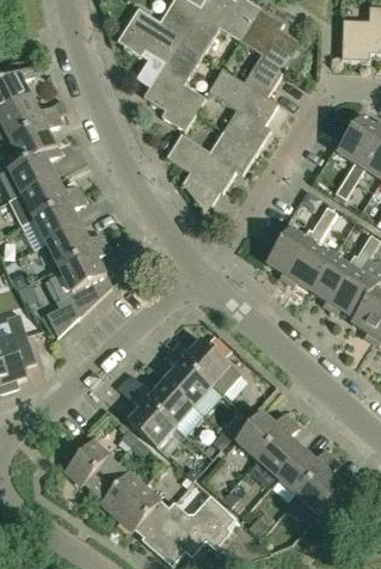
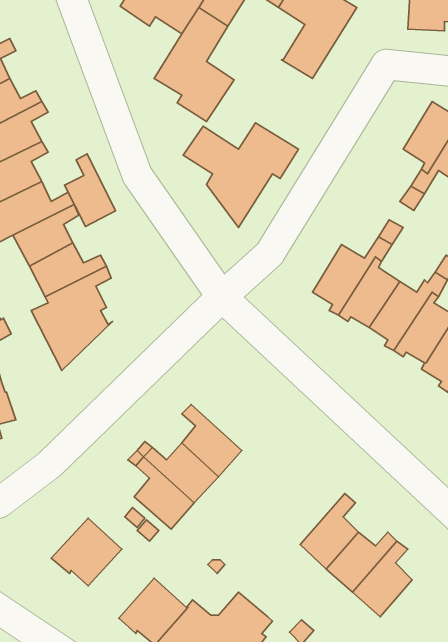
building: [207,68,278,152] -> none
building: none -> [64,154,115,227]
building: [172,339,240,396] -> none
building: [235,412,291,459] -> none
building: [92,463,143,516] -> none

